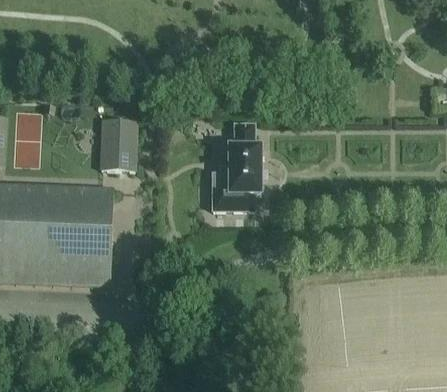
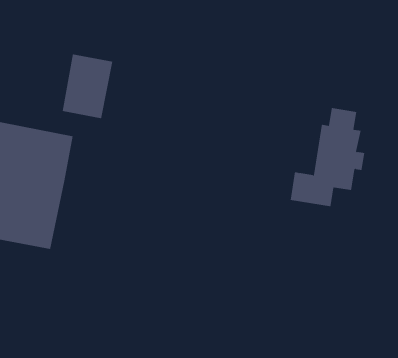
building: [211,128,267,210] -> [290,108,365,207]

